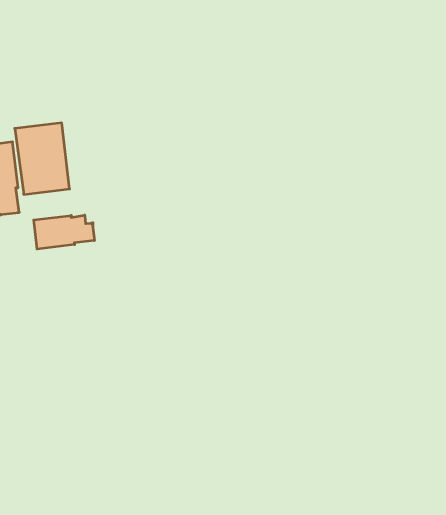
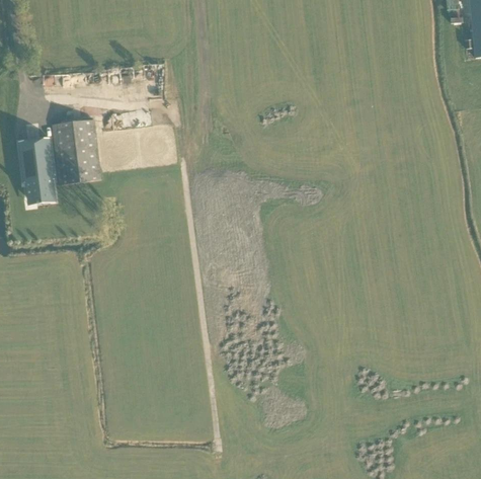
building: [34,215,94,249] -> none

